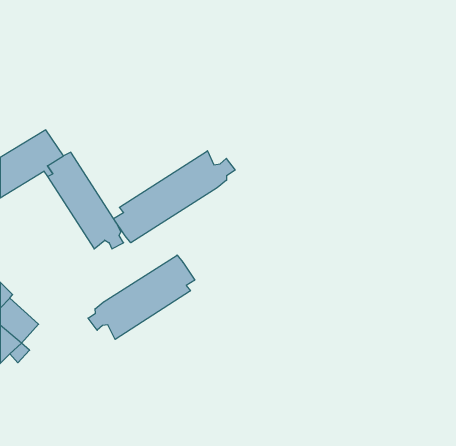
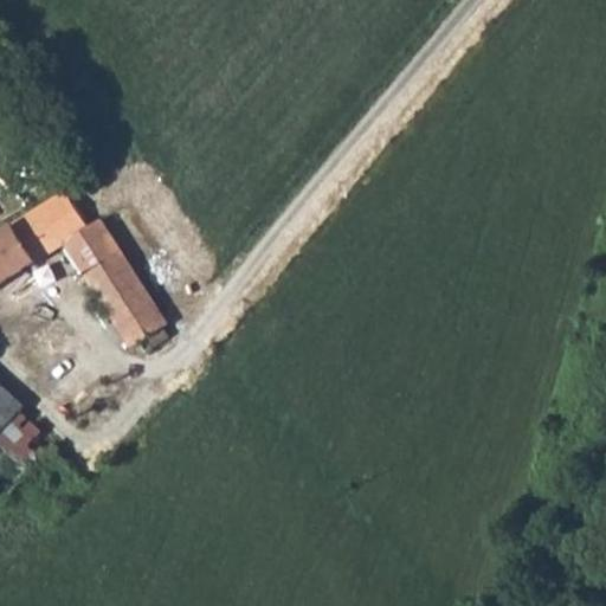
building: [114,151,235,243] -> none
building: [88,255,195,339] -> none

